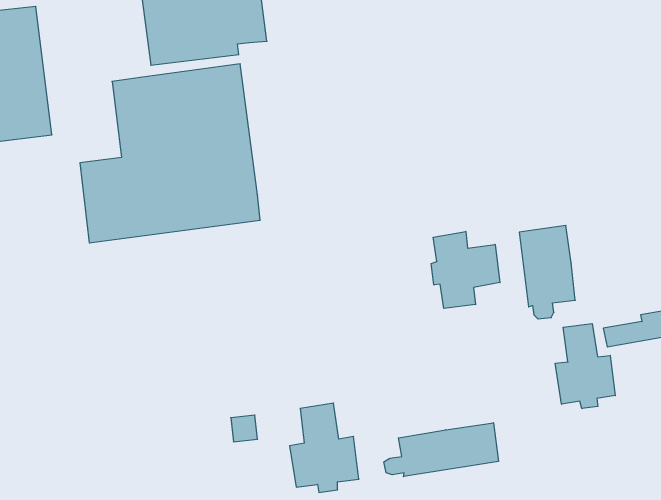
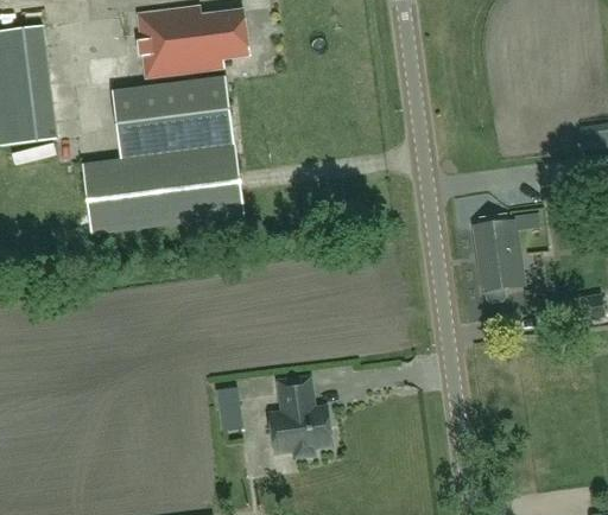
building: [431,231,500,308] -> none
building: [555,324,615,409] -> none
building: [384,423,498,477] -> none

